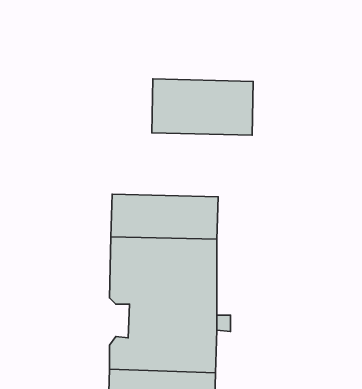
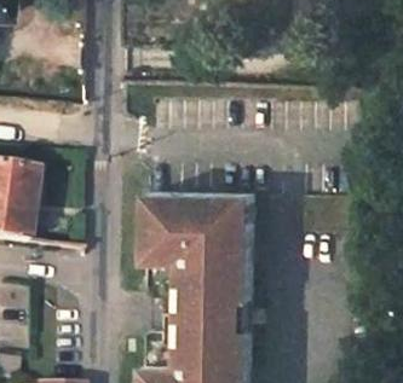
building: [152,79,253,135] -> none

